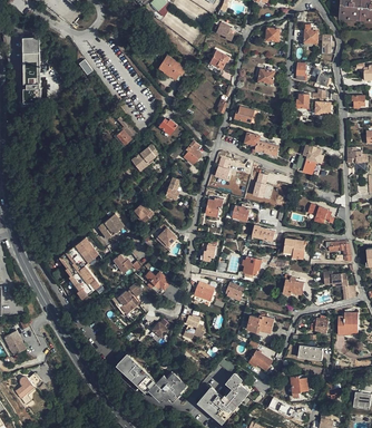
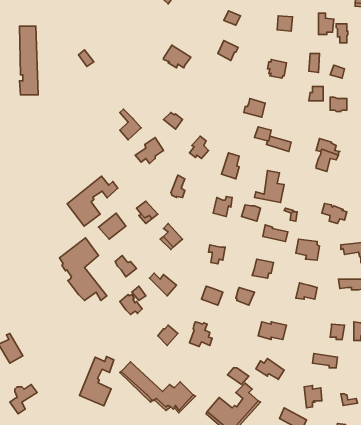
building: none -> [67,176,118,226]
building: none -> [80,357,114,406]

